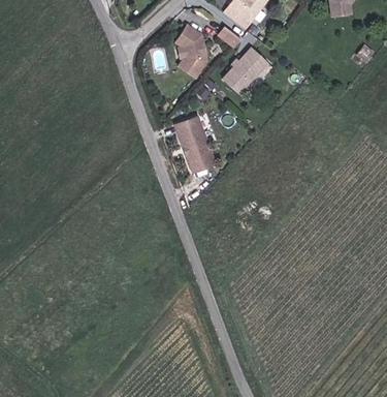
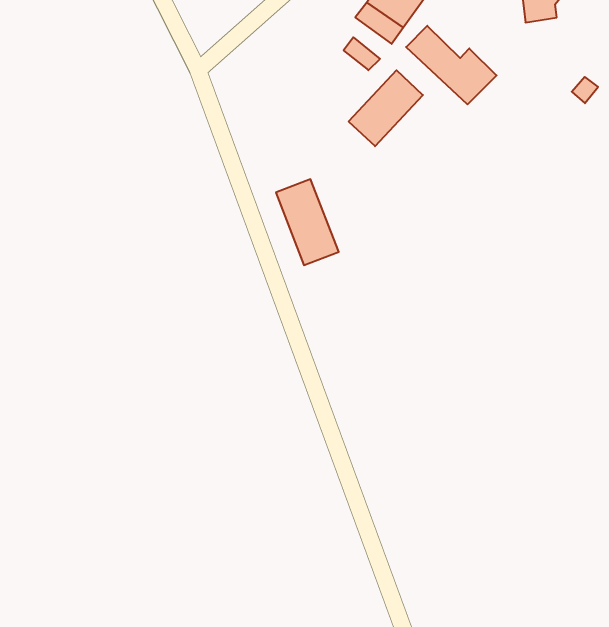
building: none -> [406,26,497,104]
building: [172,26,202,78] -> none

